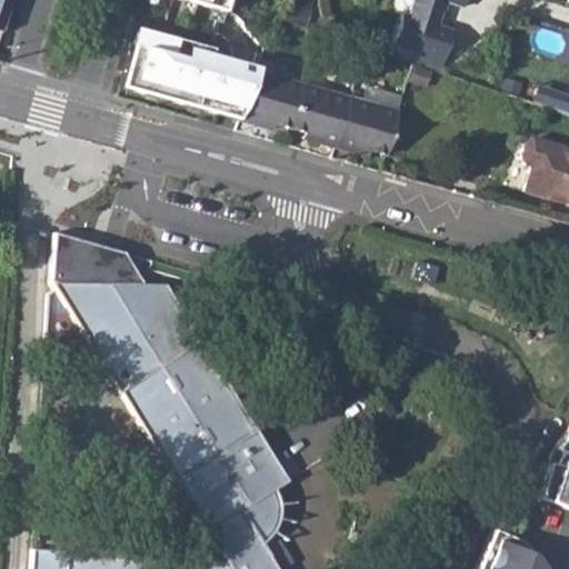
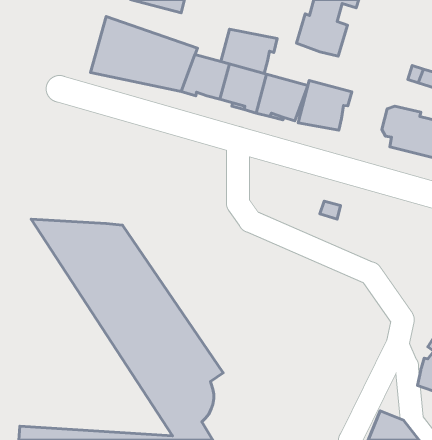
building: none -> [221,29,277,73]
building: none -> [298,80,352,130]
building: [51,233,148,288] -> none

